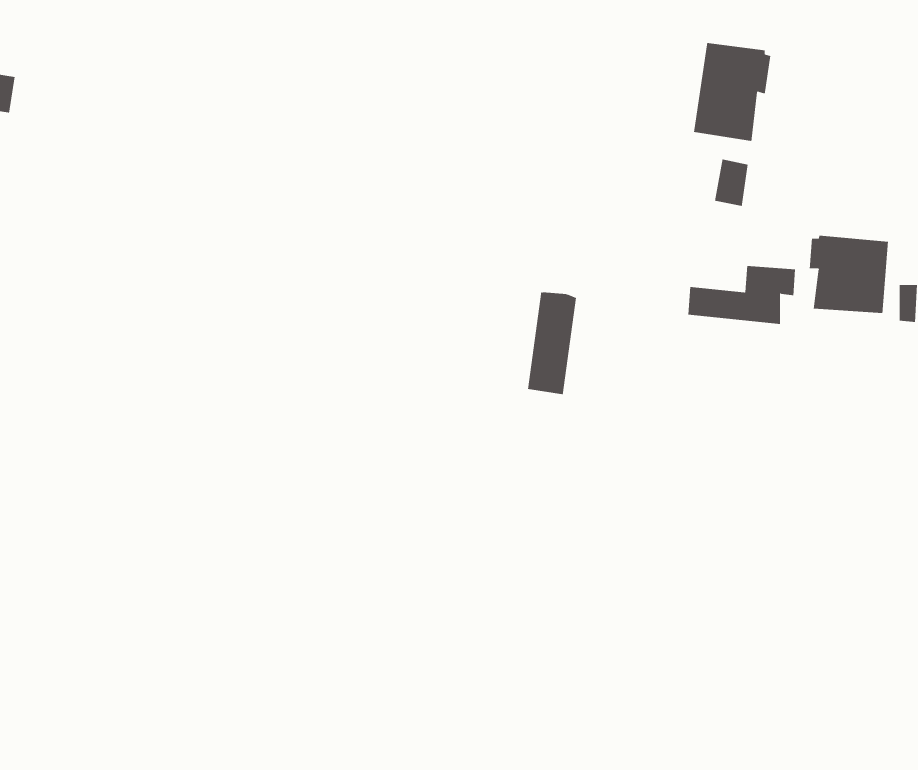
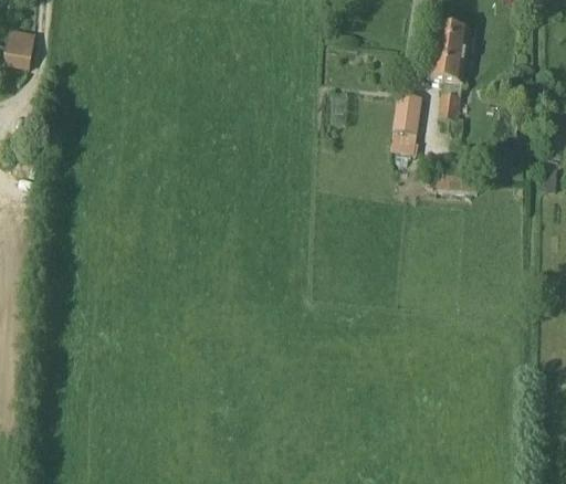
building: [809,235,889,314] -> none
building: [527,292,577,395] -> [392,92,421,151]

